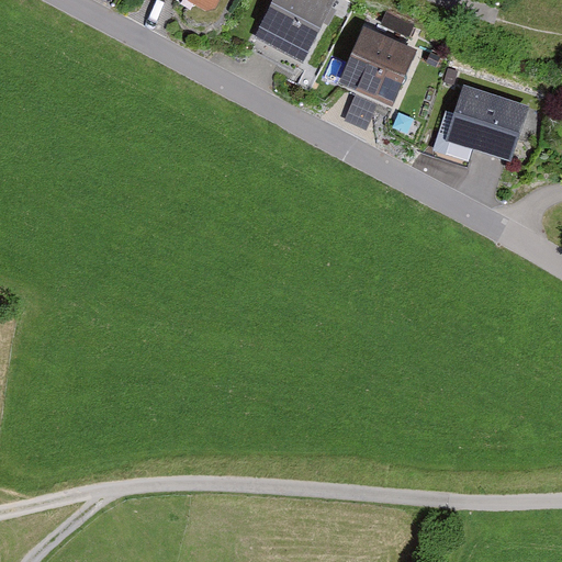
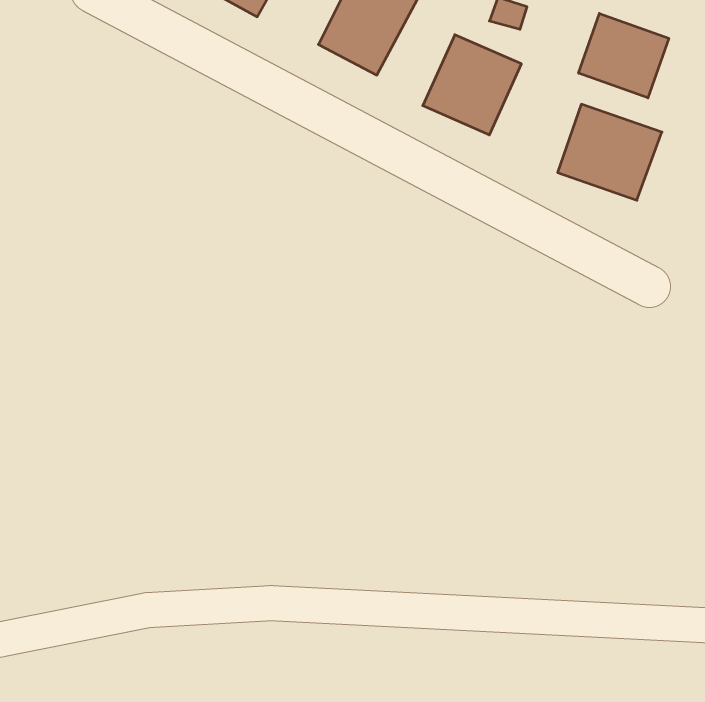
building: none -> [579,13,669,98]

